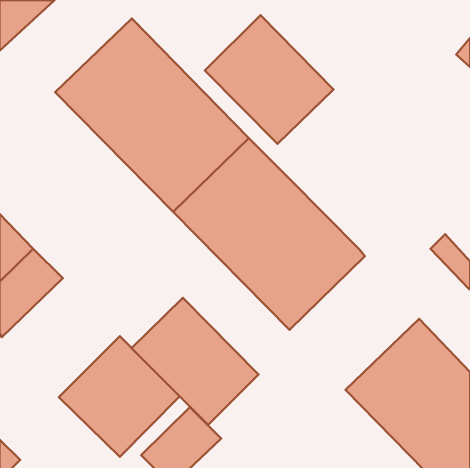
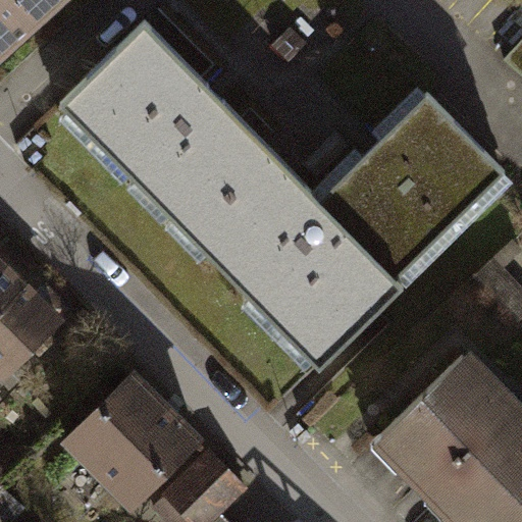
building: [205,15,334,144] -> none
building: none -> [320,94,506,279]
building: [132,298,259,425] -> none

